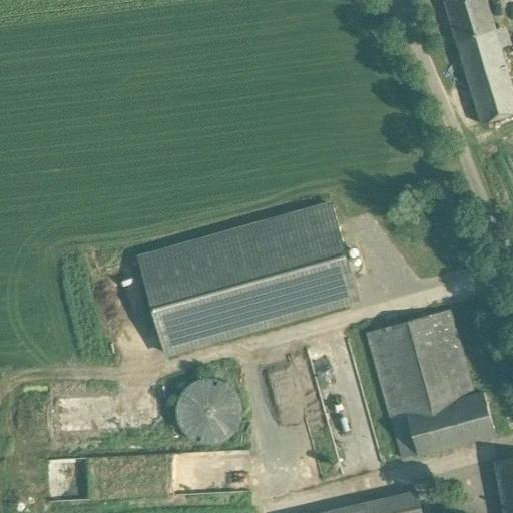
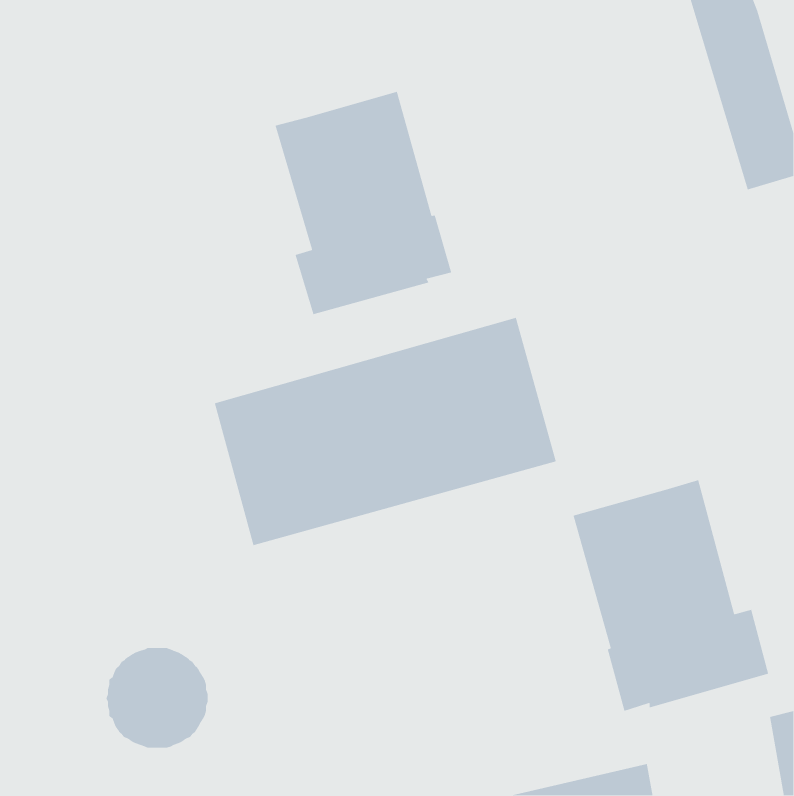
building: none -> [275,91,452,315]
building: [175,377,241,442] -> [106,647,208,749]

